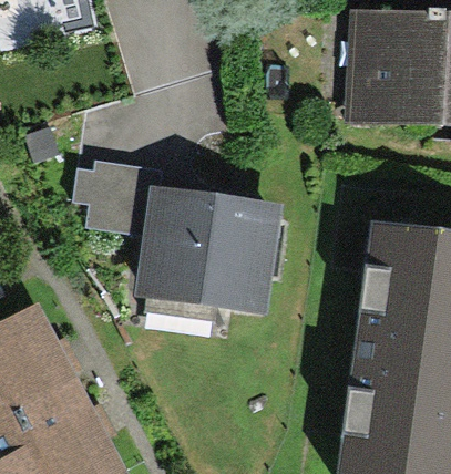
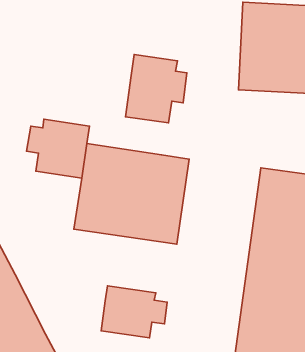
building: none -> [125,55,187,123]
building: none -> [101,286,167,338]

